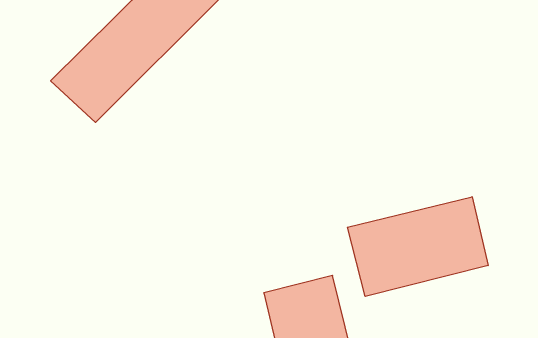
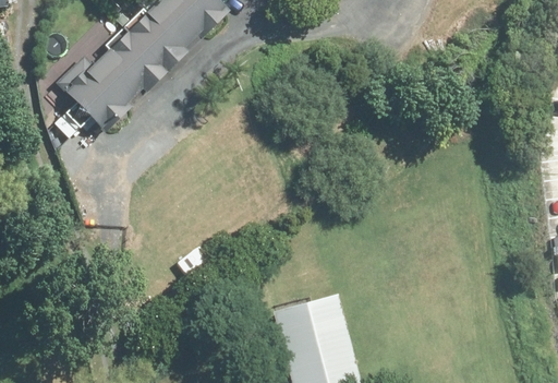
building: [347,197,488,296] -> none

